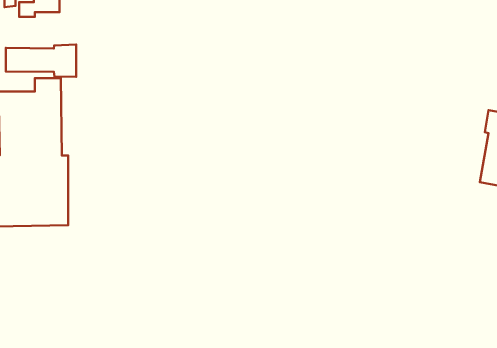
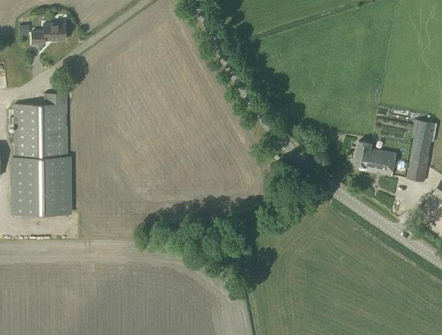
building: [6,44,76,77] -> none
building: none -> [355,140,396,175]

